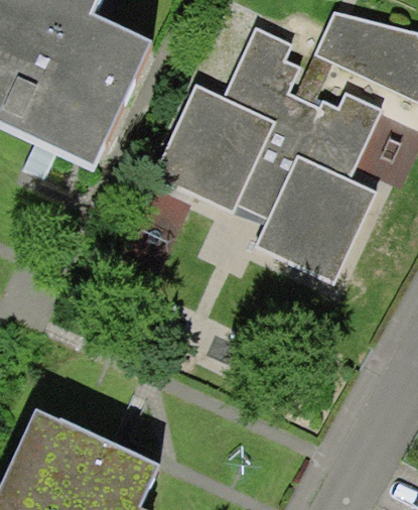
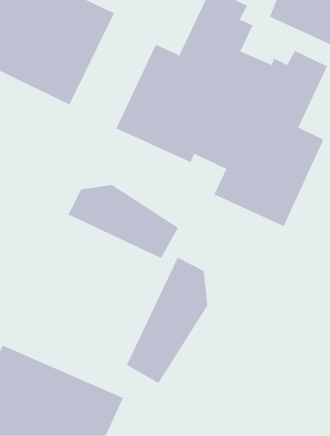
building: none -> [68,184,179,259]
building: none -> [126,257,208,384]

